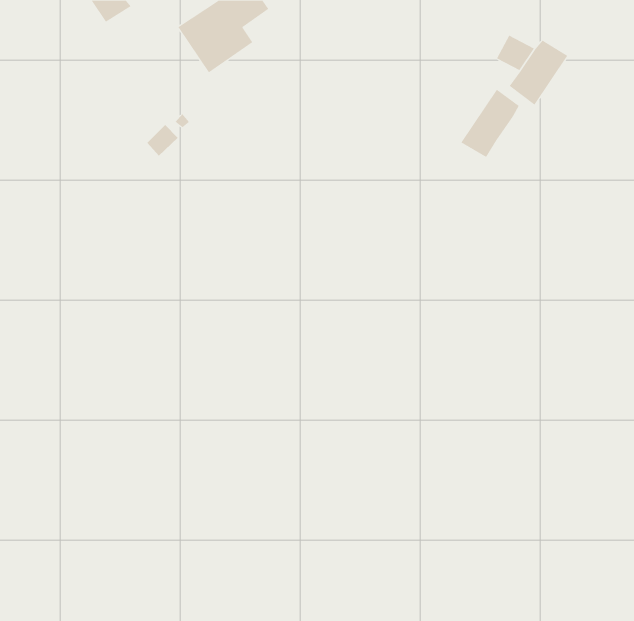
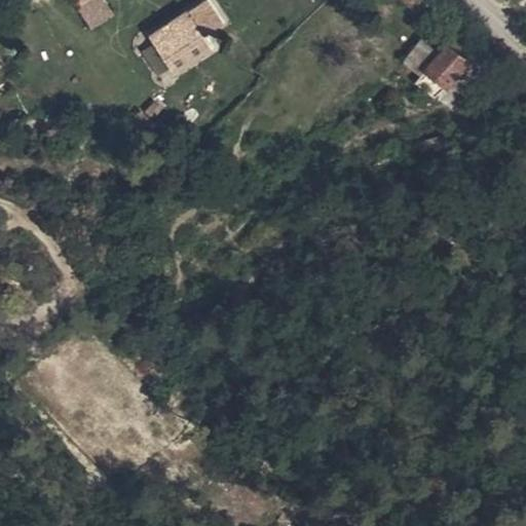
building: [460,89,519,158] -> none

